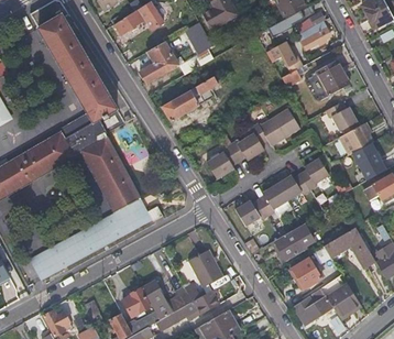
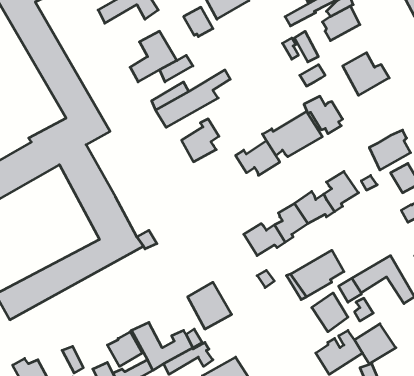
building: [325,103,357,134] -> [304,96,343,134]
building: [206,144,237,179] -> [182,119,219,162]

